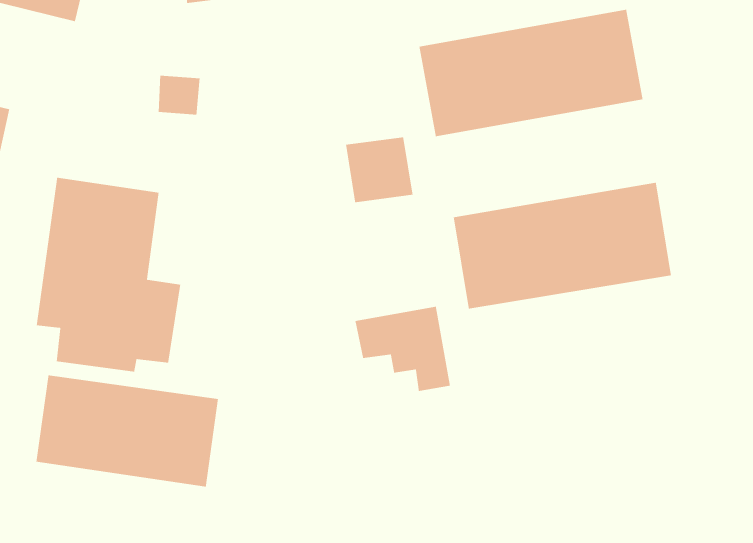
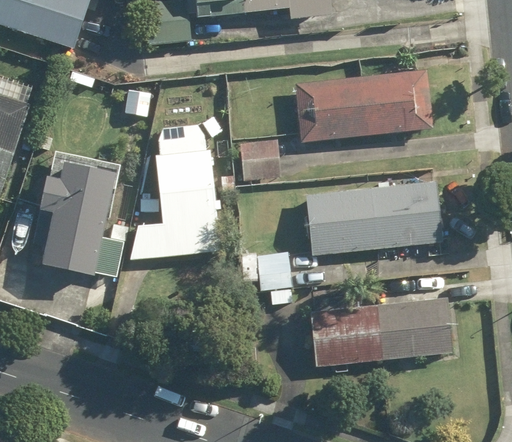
building: none -> [129,124,220,259]
building: none -> [310,298,454,365]
building: [35,375,219,488] -> none

